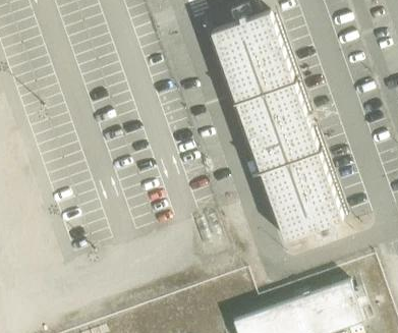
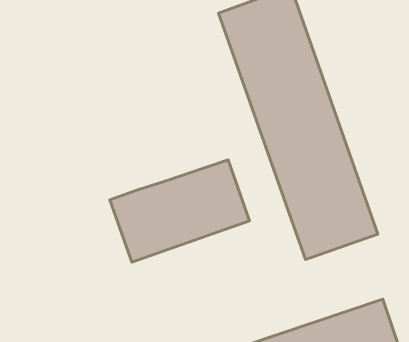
building: none -> [110,160,249,262]

